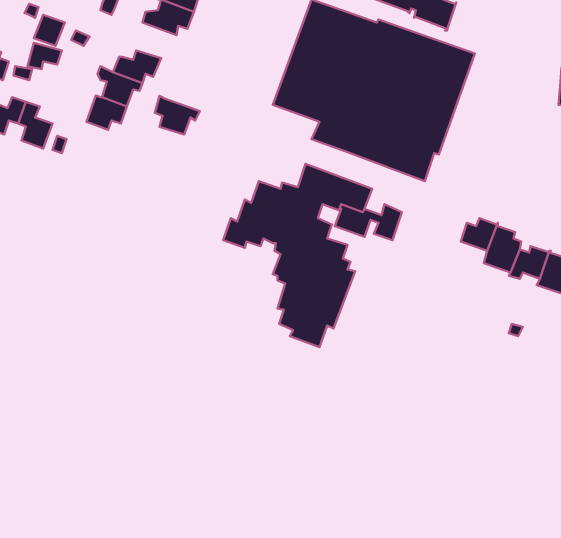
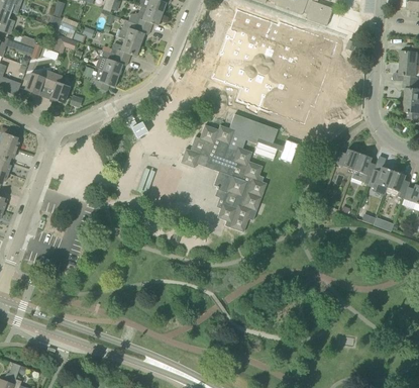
building: [155,96,200,135] -> [121,19,150,44]

